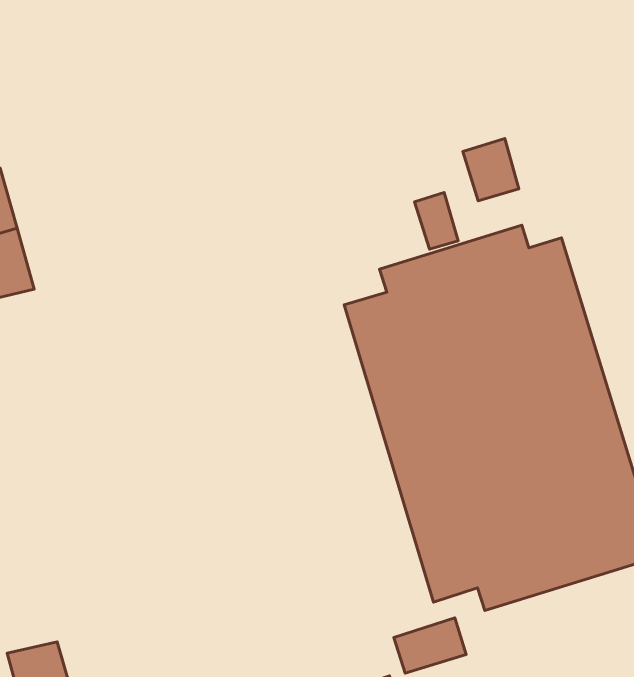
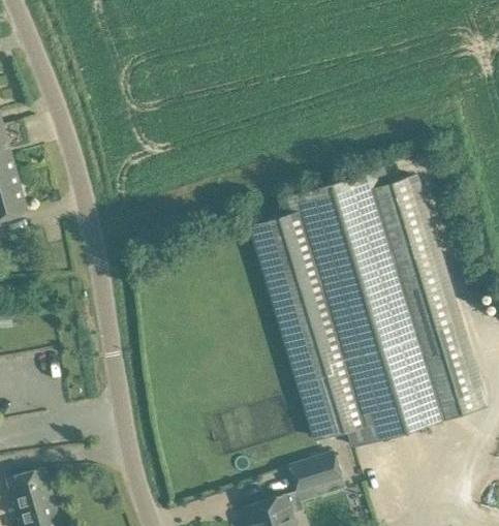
building: [463,139,519,201] -> none
building: [415,193,458,249] -> none

